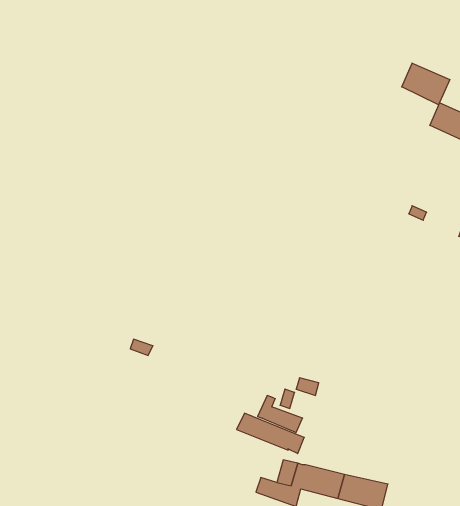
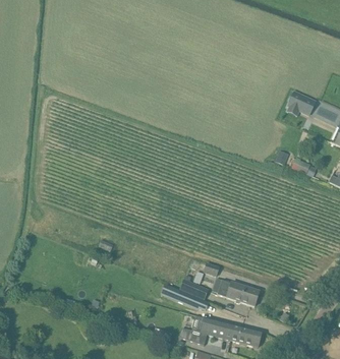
building: [402,63,450,105] -> none
building: none -> [217,280,259,306]

